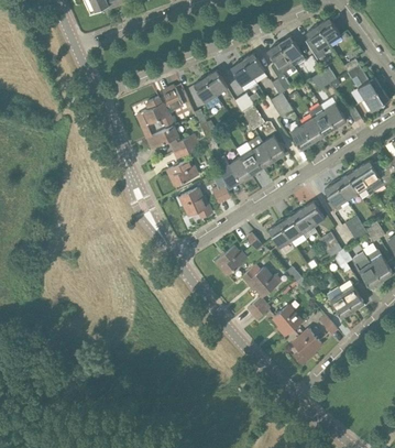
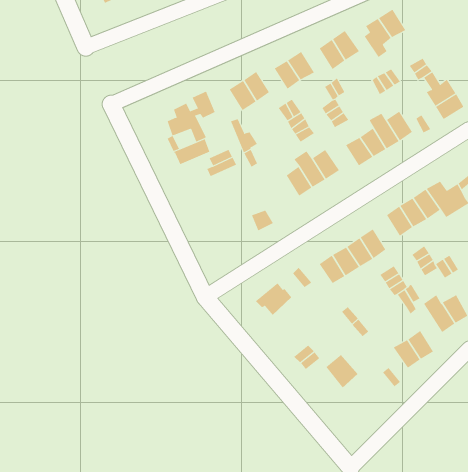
building: [216,157,251,187] -> none
building: [166,160,197,185] -> none
building: [179,188,210,218] -> none
building: [242,264,281,297] -> none
building: [292,329,320,364] -> none

